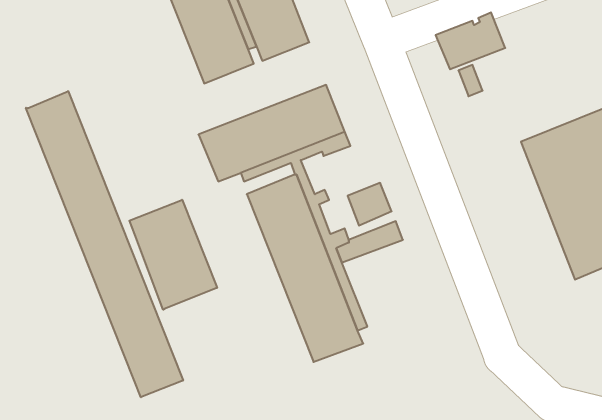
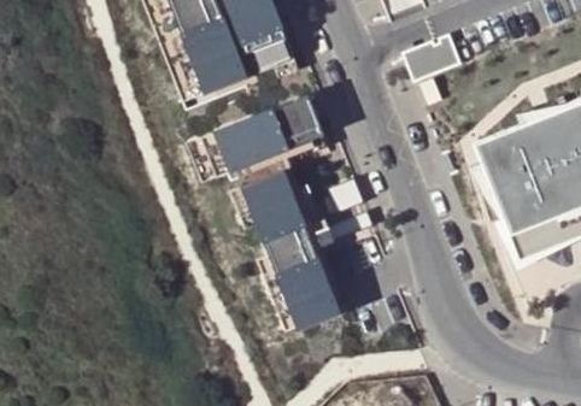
building: [26,91,183,397] -> none
building: [129,200,217,310] -> none

